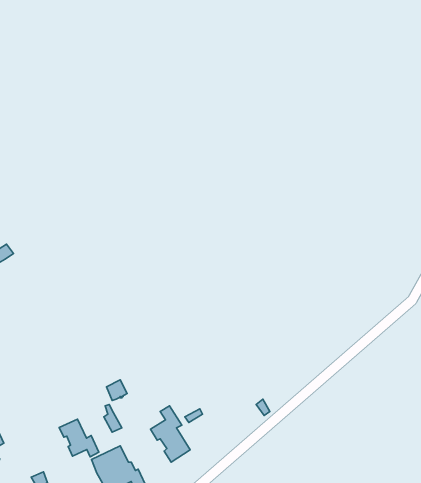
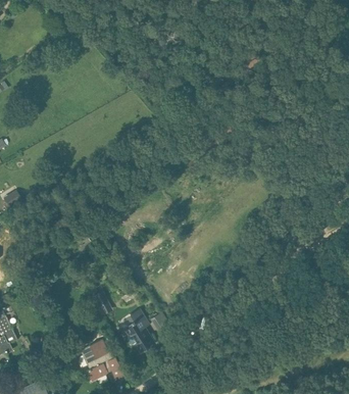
building: [59,419,99,457] -> none

